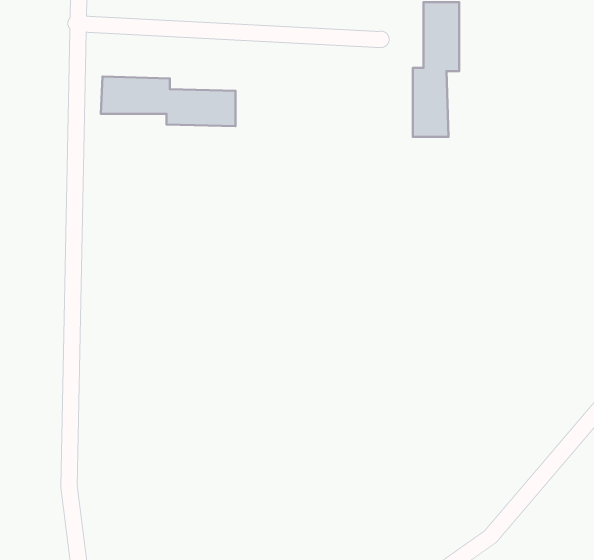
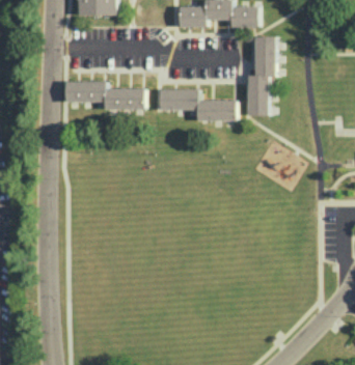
building: none -> [161,89,237,121]

